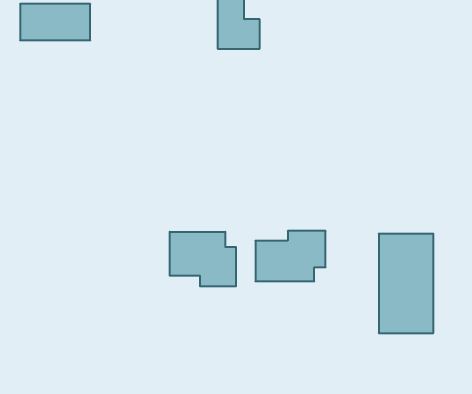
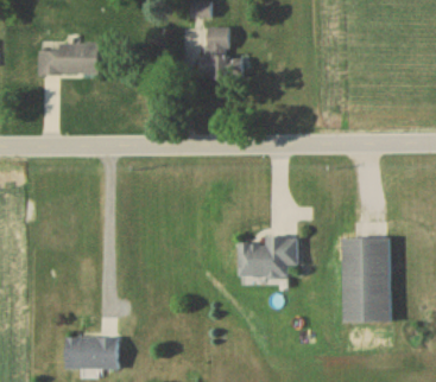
building: [170,232,236,286] -> none
building: none -> [65,337,119,368]

